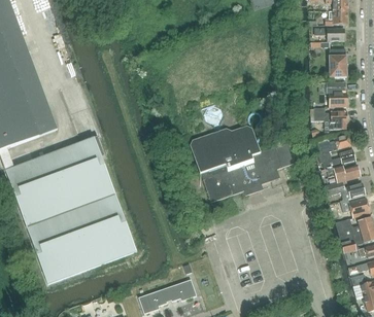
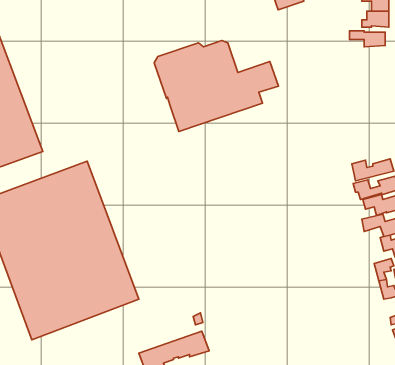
building: [329,48,346,76] -> none
building: [318,82,347,107] -> none
building: [310,108,347,132] -> none
building: [190,126,294,202] -> [154,41,278,132]

